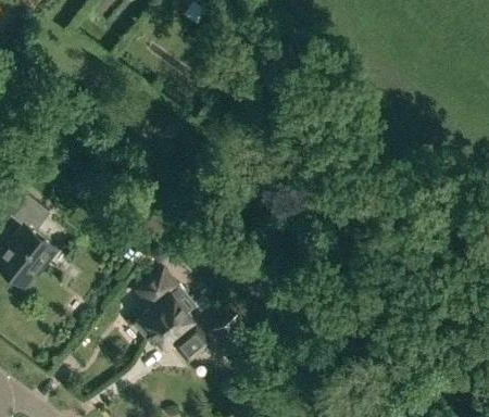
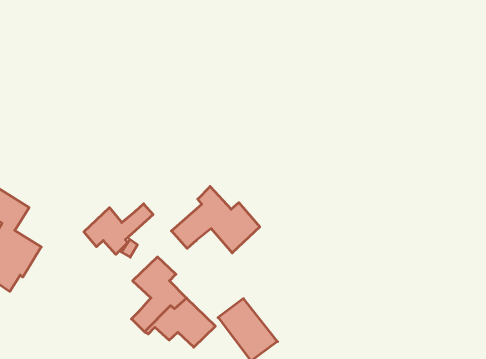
building: none -> [171,186,260,253]
building: none -> [84,204,153,254]

